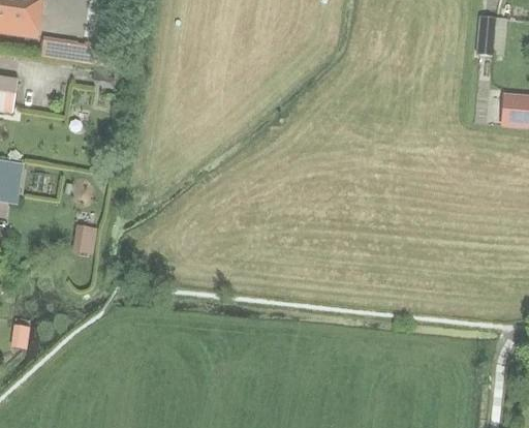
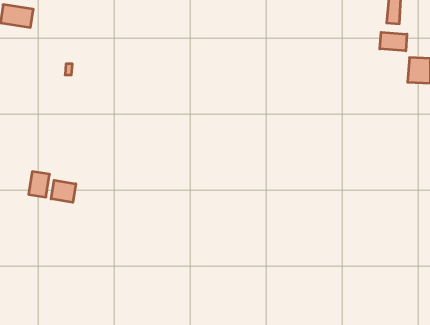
building: none -> [380,32,407,51]
building: none -> [51,180,76,202]

